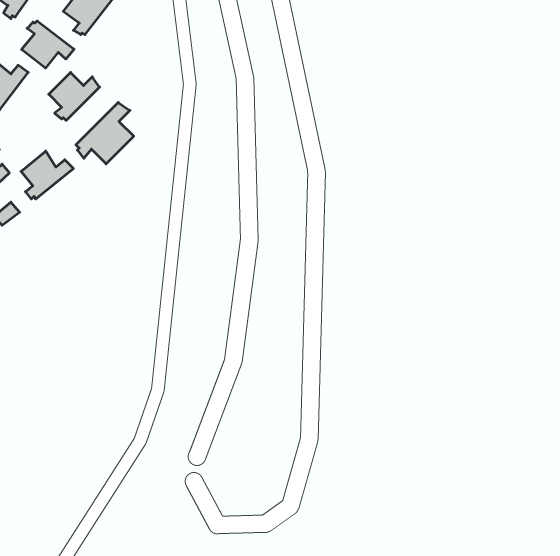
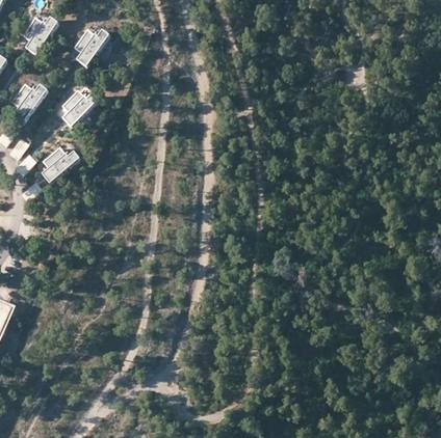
building: [22,21,74,68] -> none
building: [76,102,134,164] -> none

